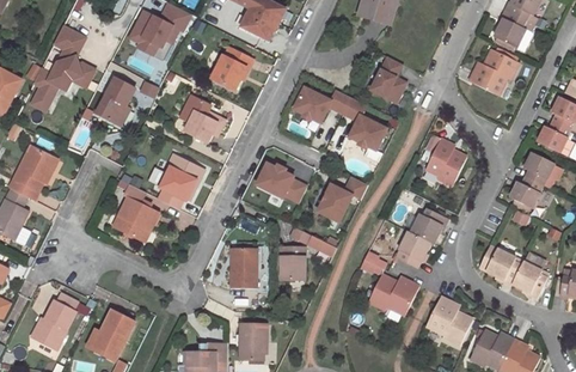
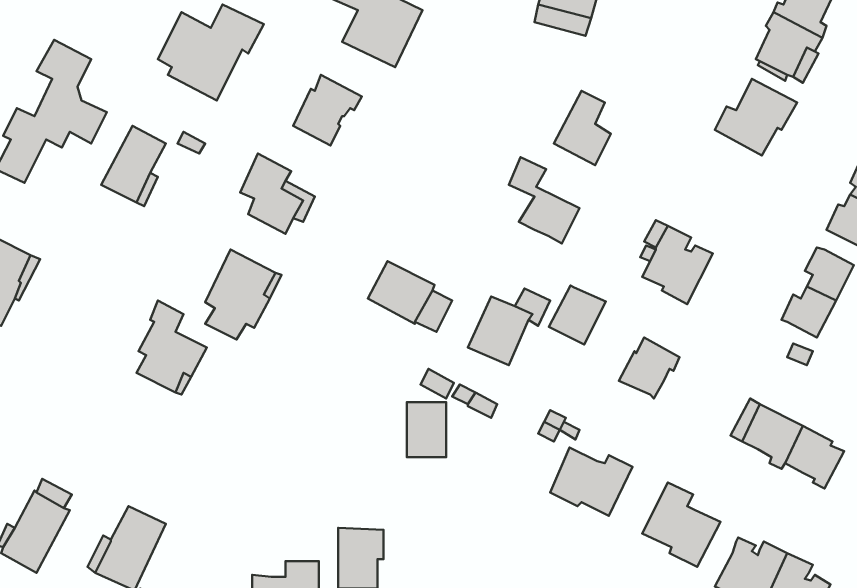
building: [293,87,350,122] -> none
building: [394,232,429,268] -> [549,286,606,344]
building: [231,249,257,288] -> none

